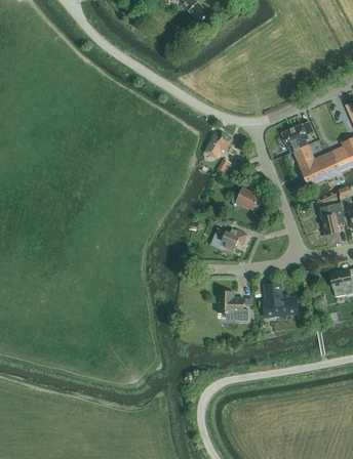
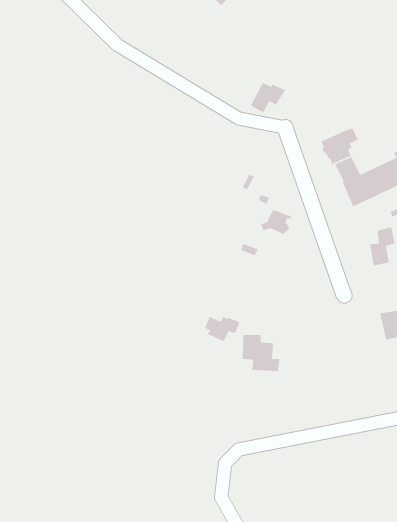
building: [204,131,234,157] -> [250,82,286,113]
building: [218,228,247,250] -> [204,316,240,342]
building: [265,284,298,316] -> none

